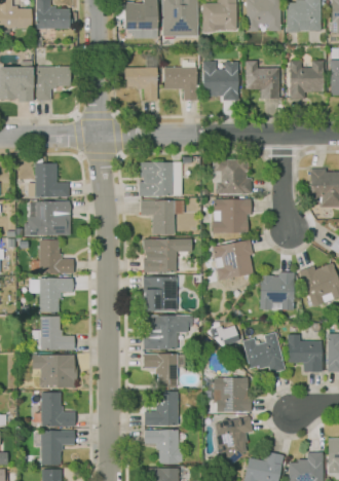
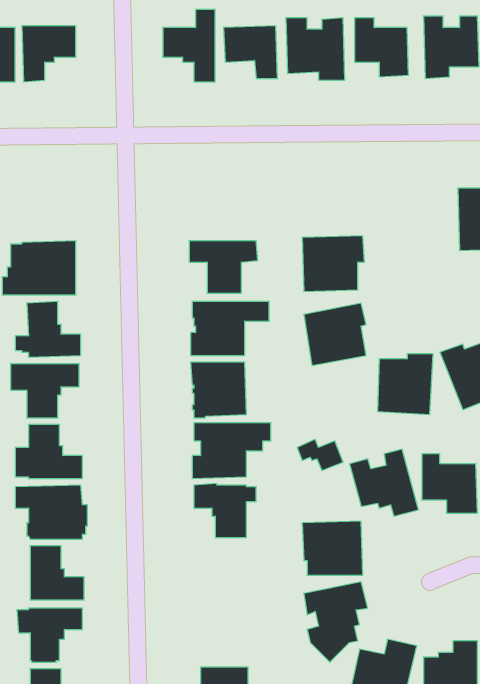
building: [213,159,252,193] -> none
building: [140,162,182,196] -> none
building: [29,163,70,197] -> none
building: [145,392,179,425] -> none
building: [145,431,183,465] -> none

